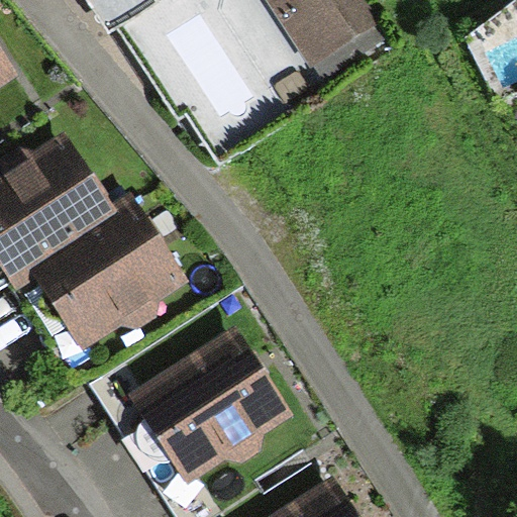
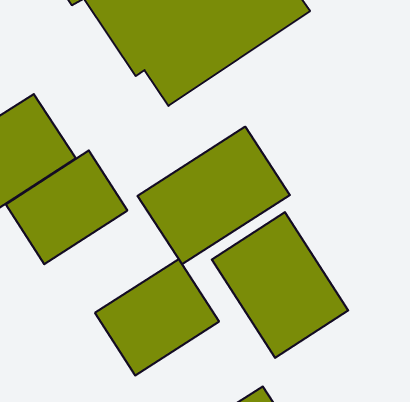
building: none -> [138,127,290,264]
building: none -> [212,212,348,358]

